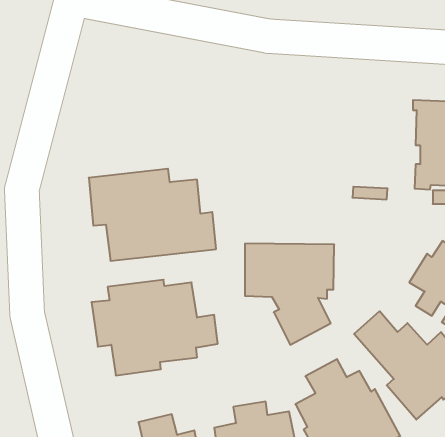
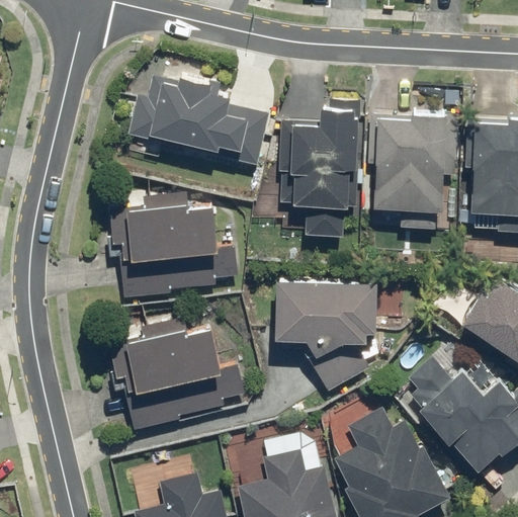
building: none -> [126,74,273,178]
building: none -> [279,100,360,236]
building: none -> [375,114,449,214]

